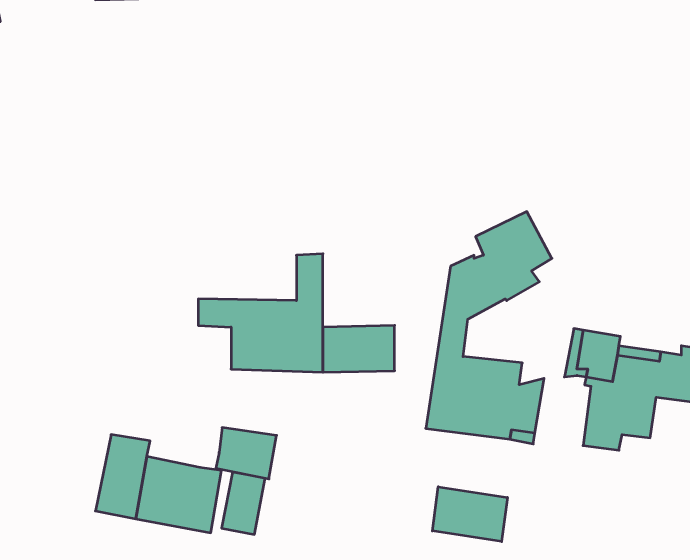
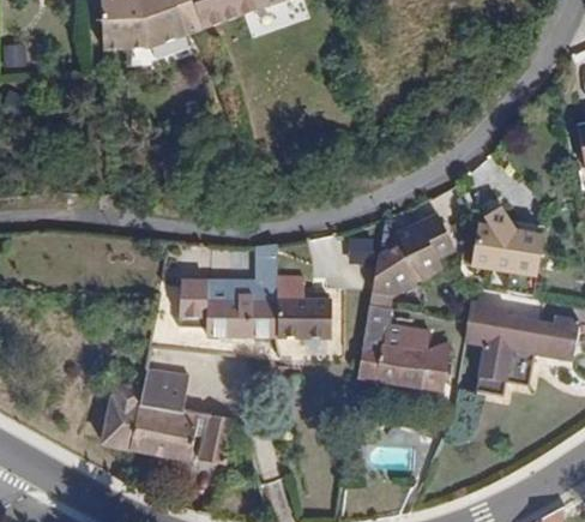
building: none -> [472,206,543,295]
building: [216,428,277,479] -> [143,370,189,409]
building: [432,487,507,542] -> none

